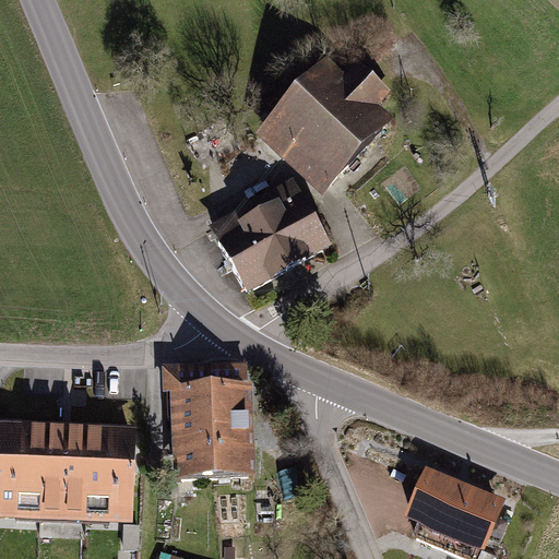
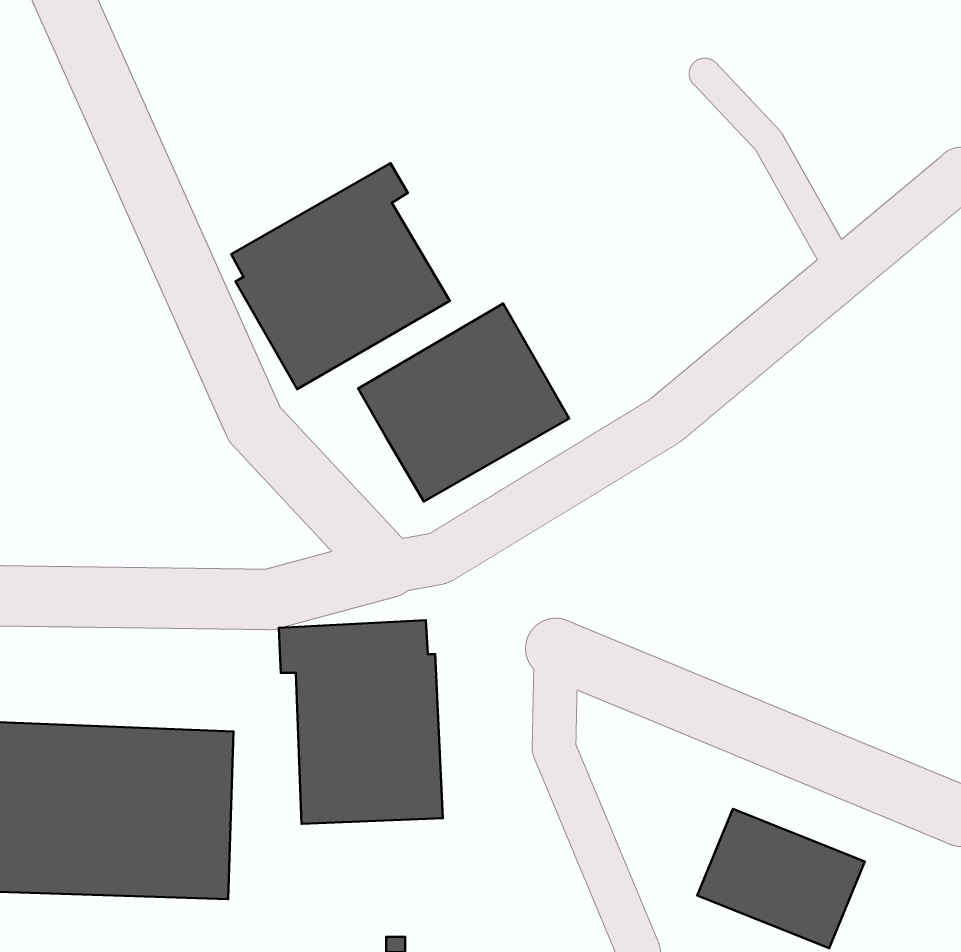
building: [252,58,391,194] -> none
building: none -> [231,163,450,389]

